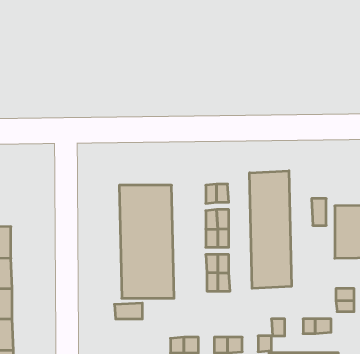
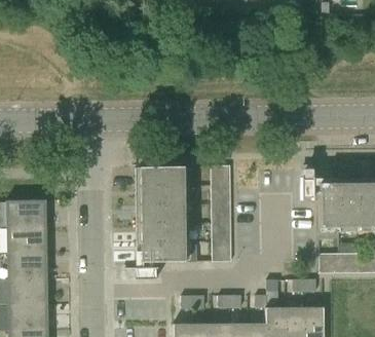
building: [250,171,291,288] -> none

